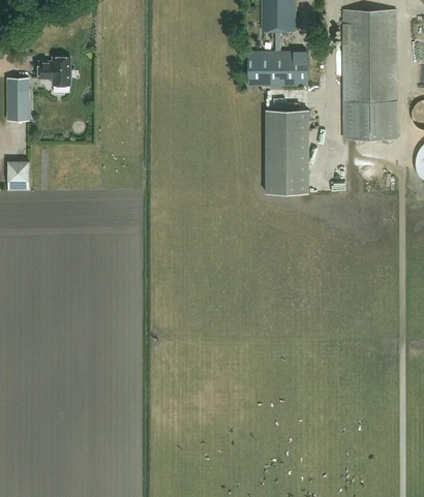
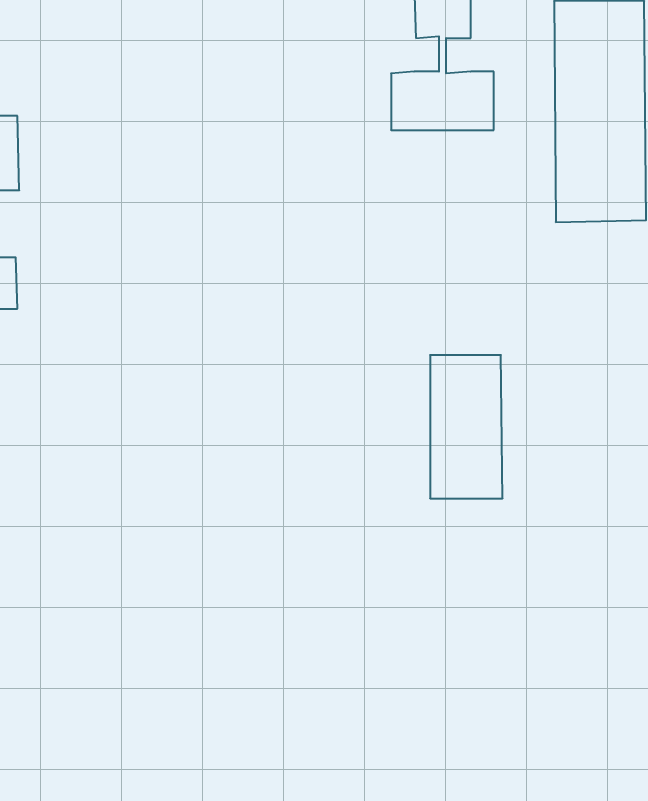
building: [34,53,67,83] -> none
building: [266,110,308,193] -> [430,355,503,498]

